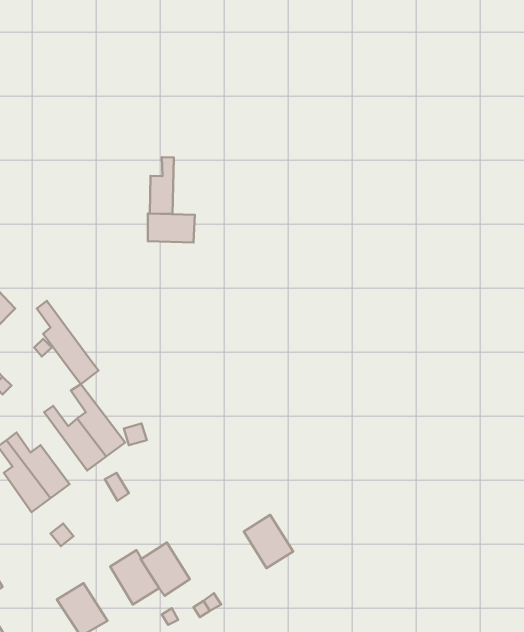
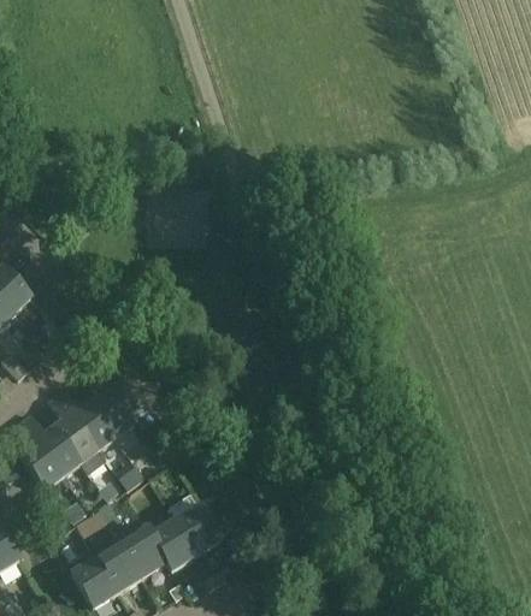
building: [150,157,174,214] -> none
building: [37,301,99,384] -> [48,393,107,473]
building: [244,515,293,568] -> [175,502,222,552]
building: none -> [95,540,142,592]

